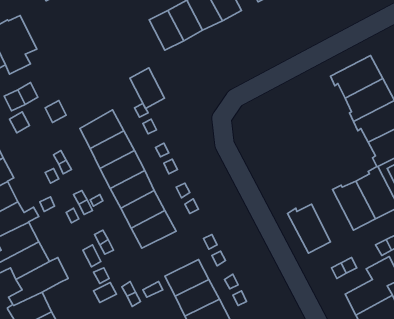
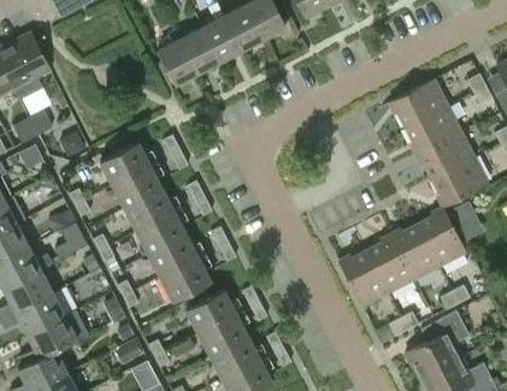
building: [130,68,164,109] -> [158,38,198,85]
building: none -> [366,233,414,294]
building: none -> [185,290,236,333]

